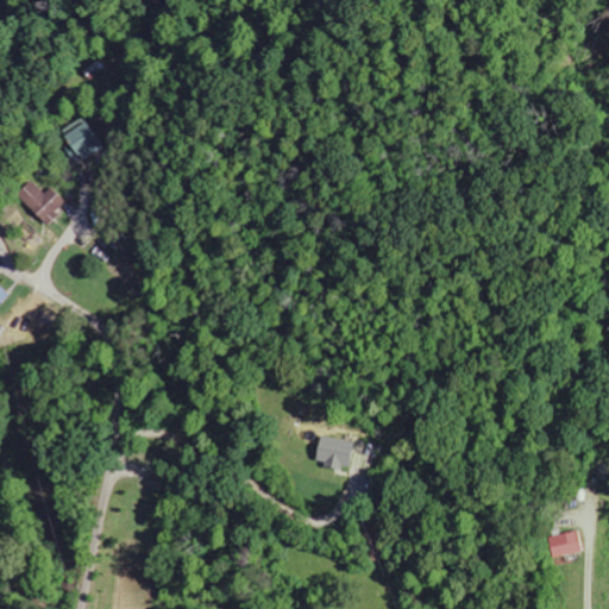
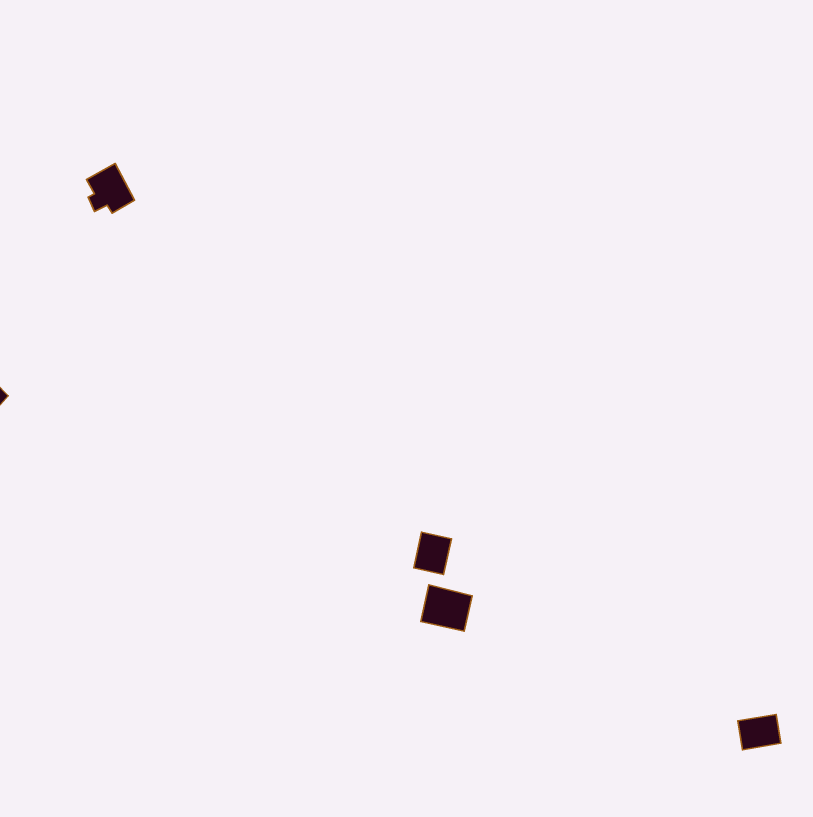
building: [18,181,65,222] -> none
building: none -> [414,532,452,575]

